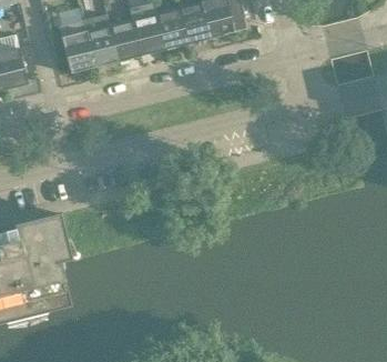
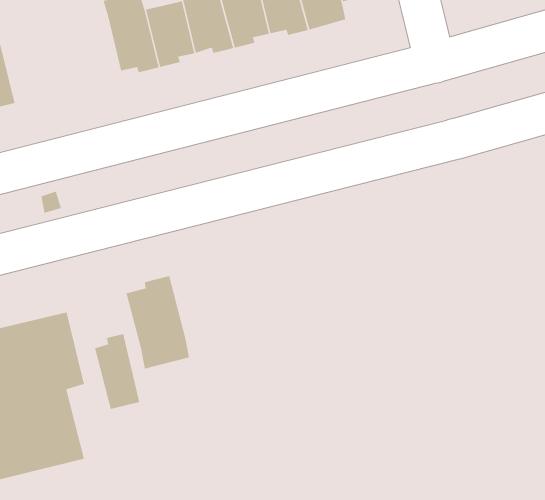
building: [60,30,92,73] -> none
building: none -> [125,275,190,369]
building: none -> [94,333,140,410]

